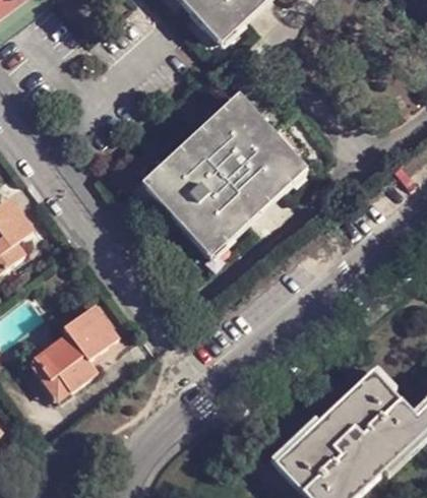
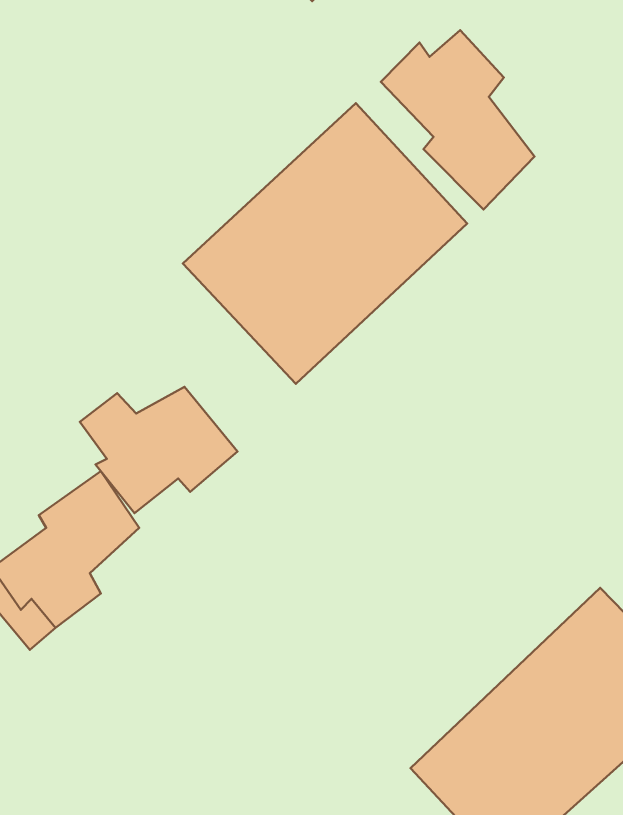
building: none -> [381,30,534,210]
building: none -> [80,387,238,513]

